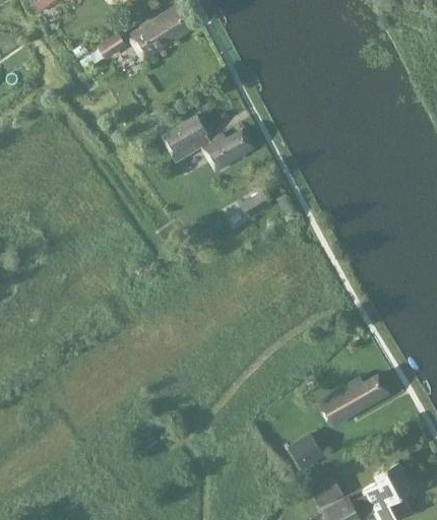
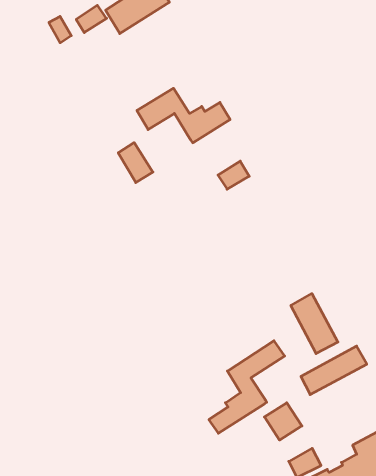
building: none -> [118,143,153,183]
building: none -> [291,294,338,354]
building: none -> [209,341,285,433]

